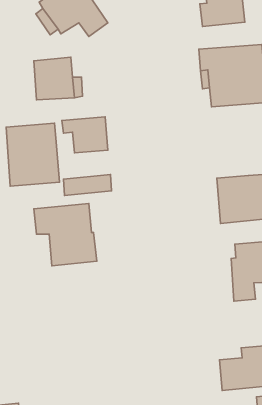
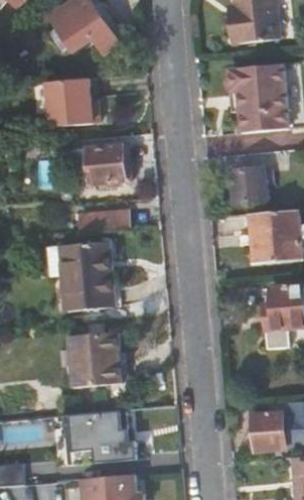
building: [6,123,59,186] -> none
building: none -> [229,167,268,203]
building: none -> [64,331,123,390]
building: none -> [67,411,133,462]

